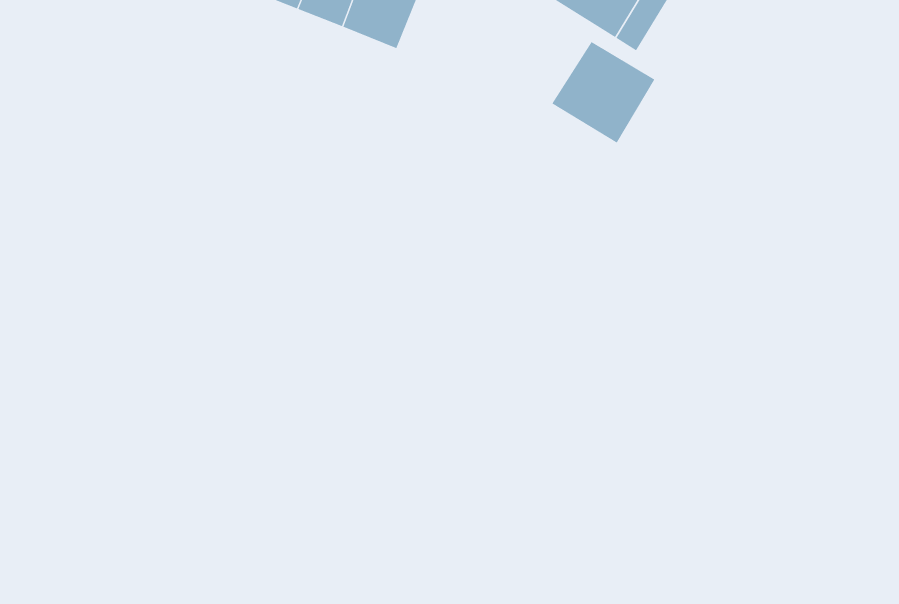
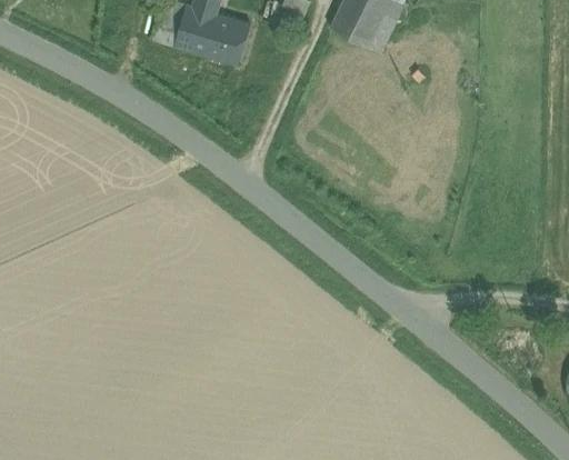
building: [552,41,655,143] -> none

